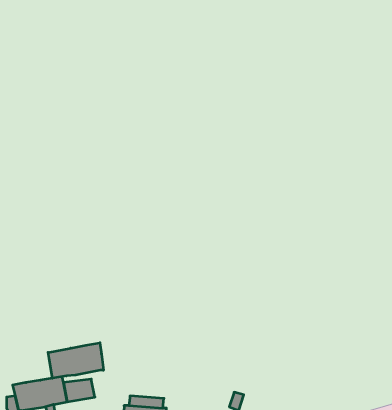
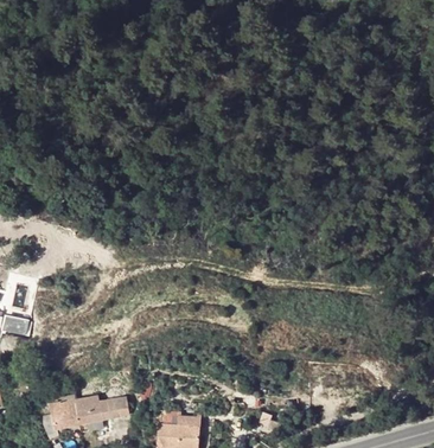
building: [48,343,103,378] -> none

